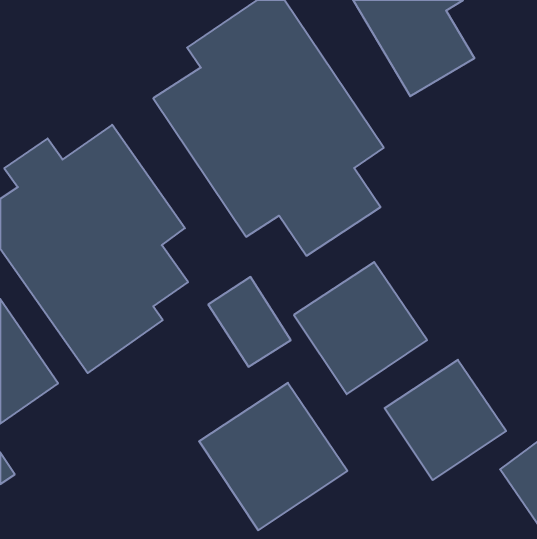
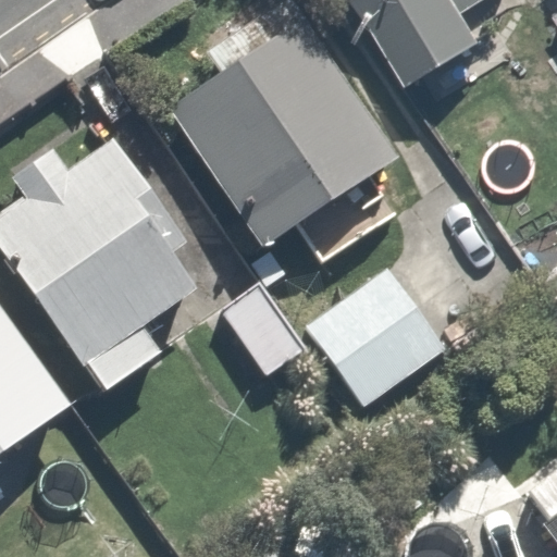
building: [385,360,506,480] -> none
building: [199,383,347,530] -> none

